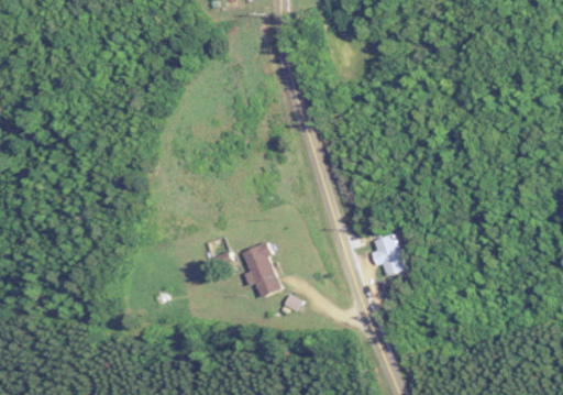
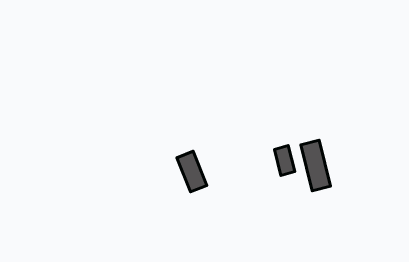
building: none -> [301,140,330,191]

